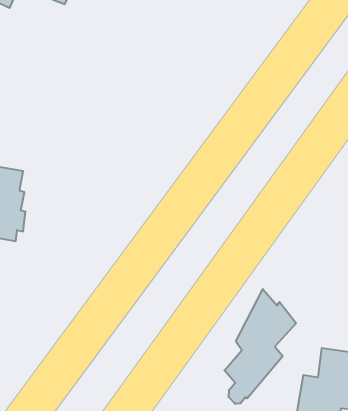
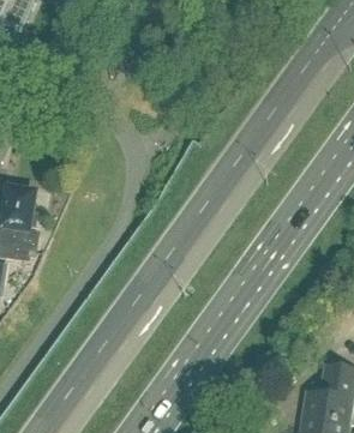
building: [224,289,296,404] -> none

